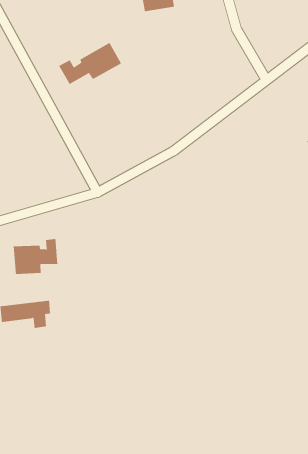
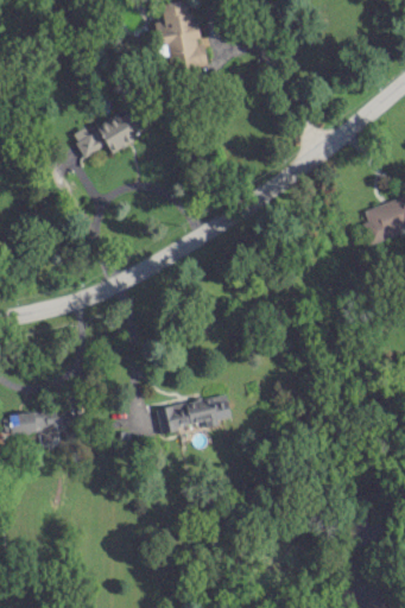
building: [13,238,58,275] -> none
building: none -> [157,394,233,432]

